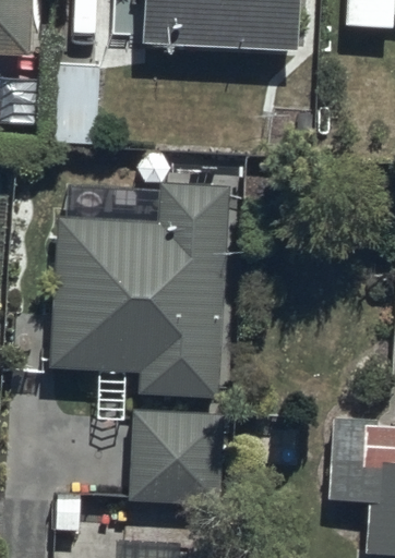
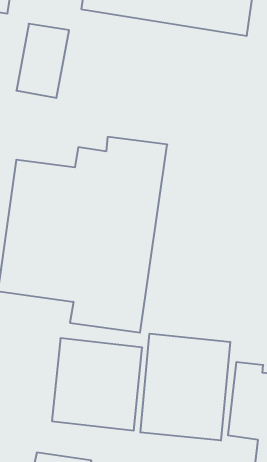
building: none -> [140,334,230,441]

